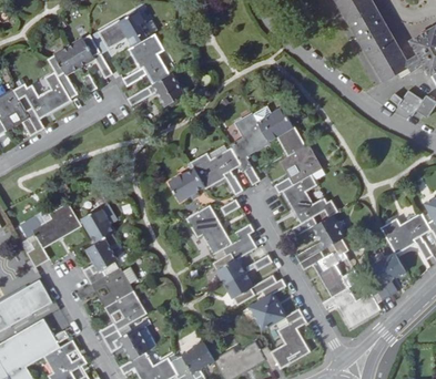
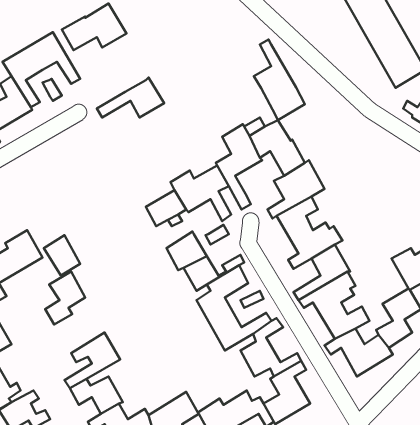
building: [121,33,169,85] -> none
building: none -> [254,39,305,120]
building: [77,267,133,308] -> none

